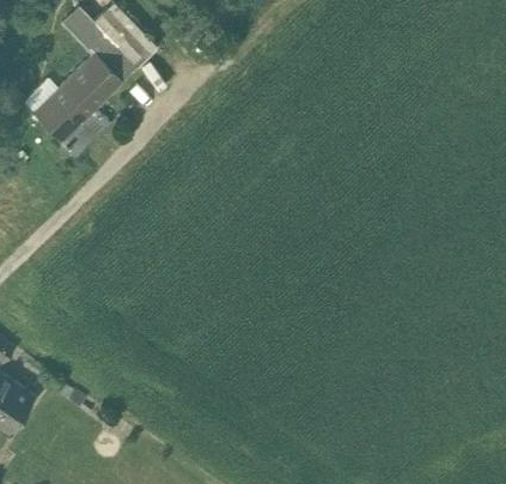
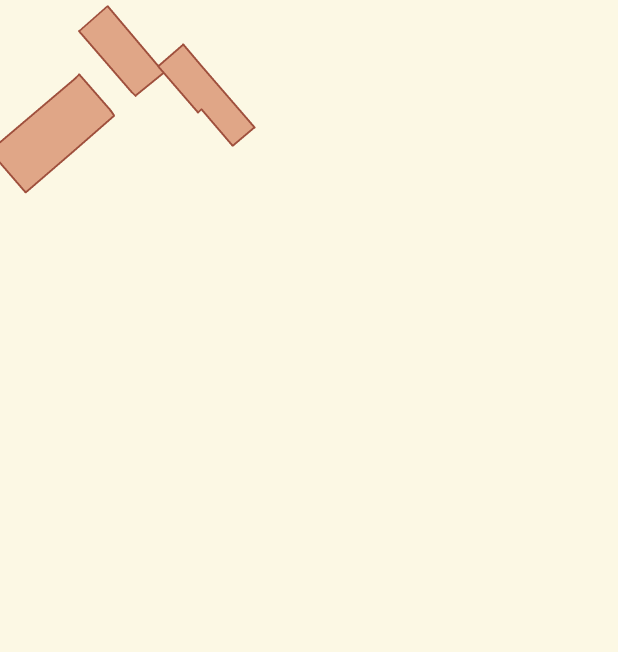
building: [65,8,134,81] -> [158,44,255,146]
building: [57,110,105,156] -> none

